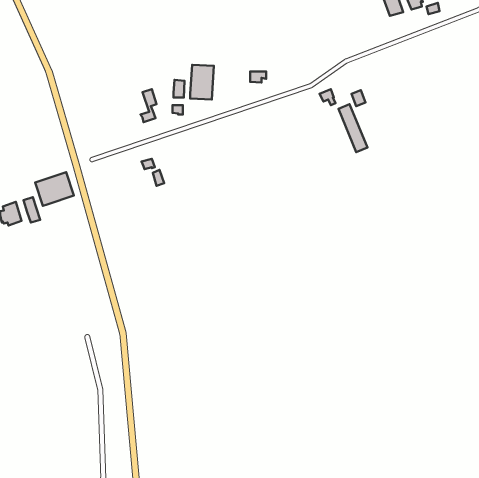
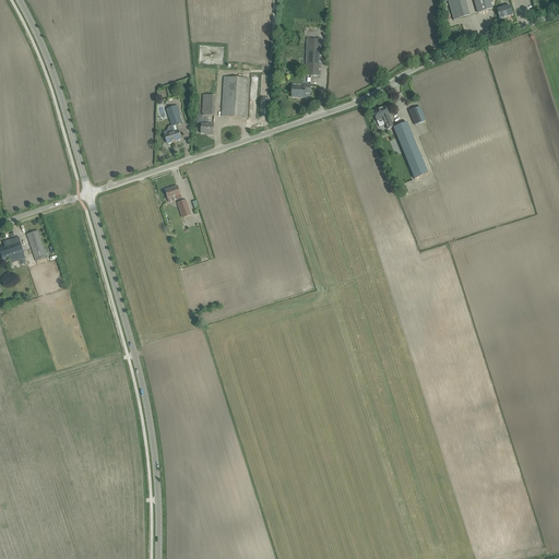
building: none -> [306,37,322,75]
building: [35,172,74,206] -> none

